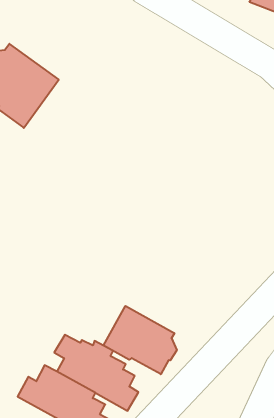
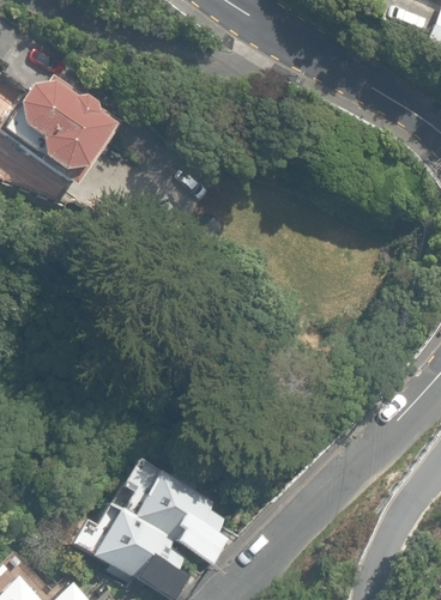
building: [103,306,177,374] -> none

